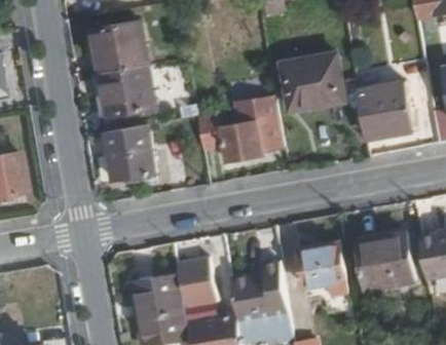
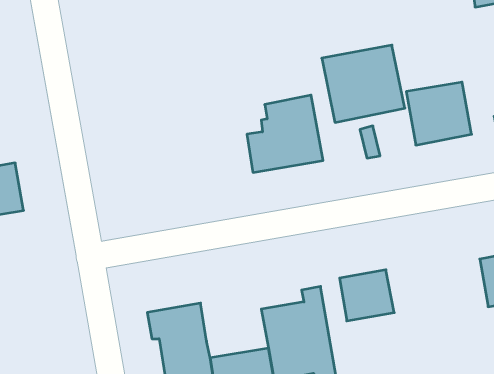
building: [96,25,154,118] -> none
building: [104,125,153,182] -> none
building: [358,233,414,291] -> none
building: [175,257,214,307] -> none

